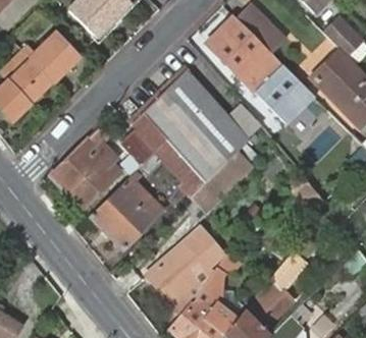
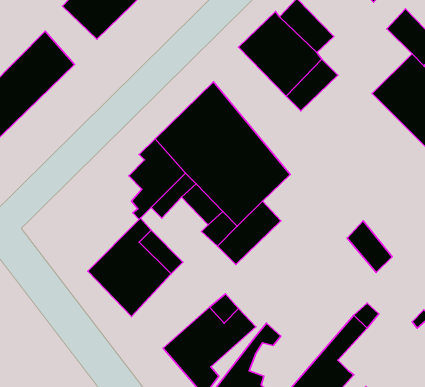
building: [262,68,322,128] -> none
building: [50,127,117,207] -> none

